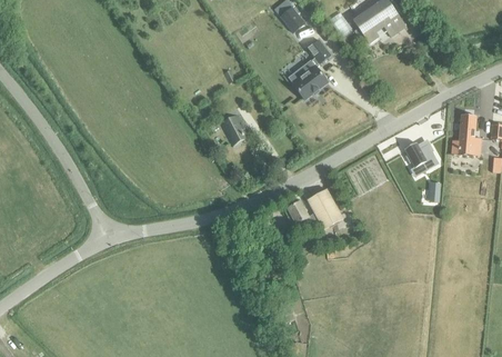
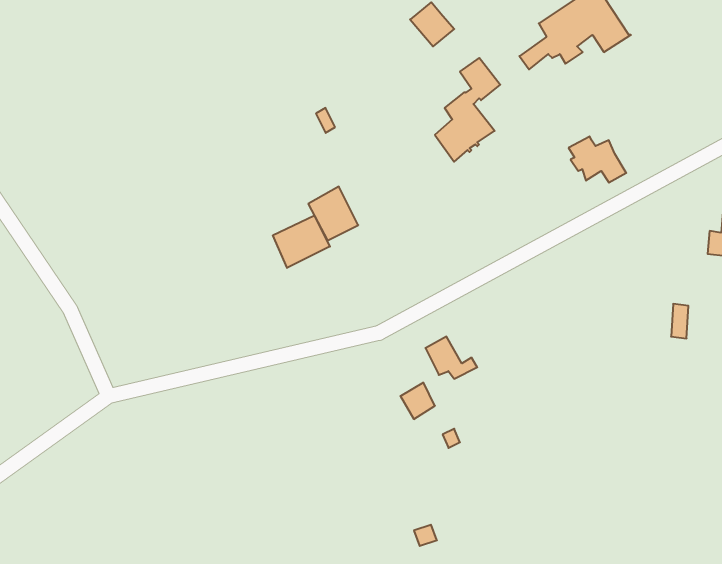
building: none -> [273,215,330,268]
building: [404,141,438,168] -> [569,136,626,183]
building: [307,188,343,228] -> none

